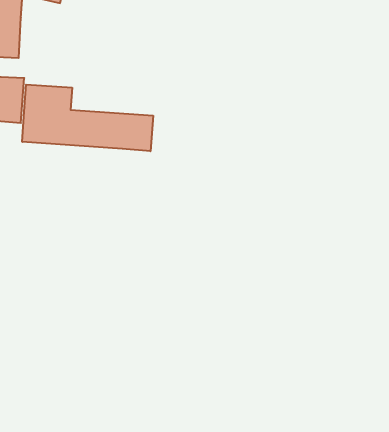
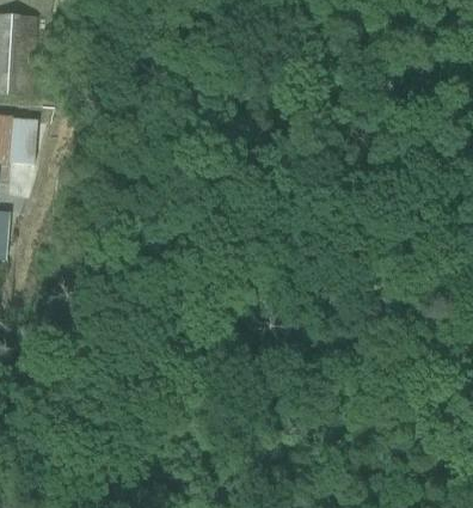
building: [22,85,153,151] -> none

